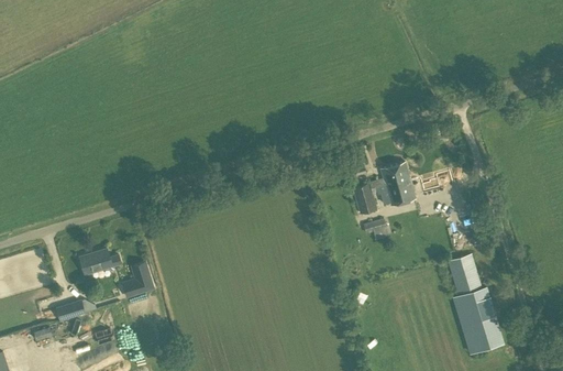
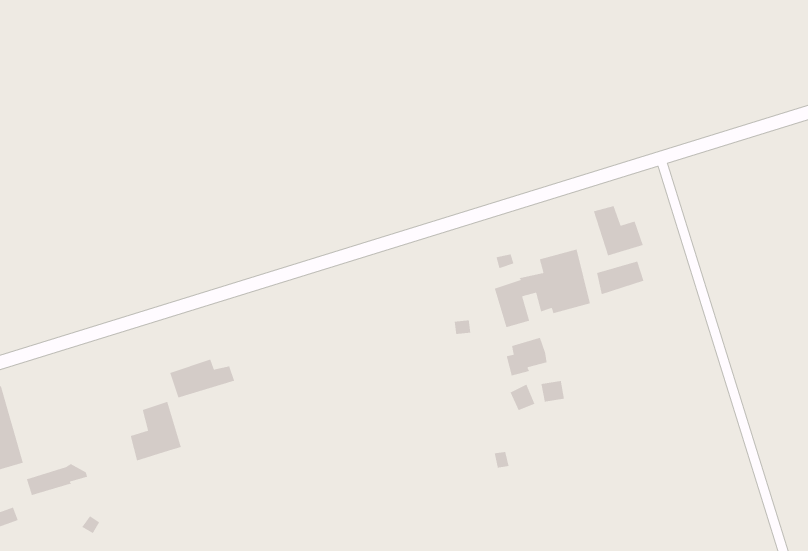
building: none -> [593,205,644,257]
building: [79,250,121,275] -> [169,359,235,398]
building: [448,255,495,346] -> none

